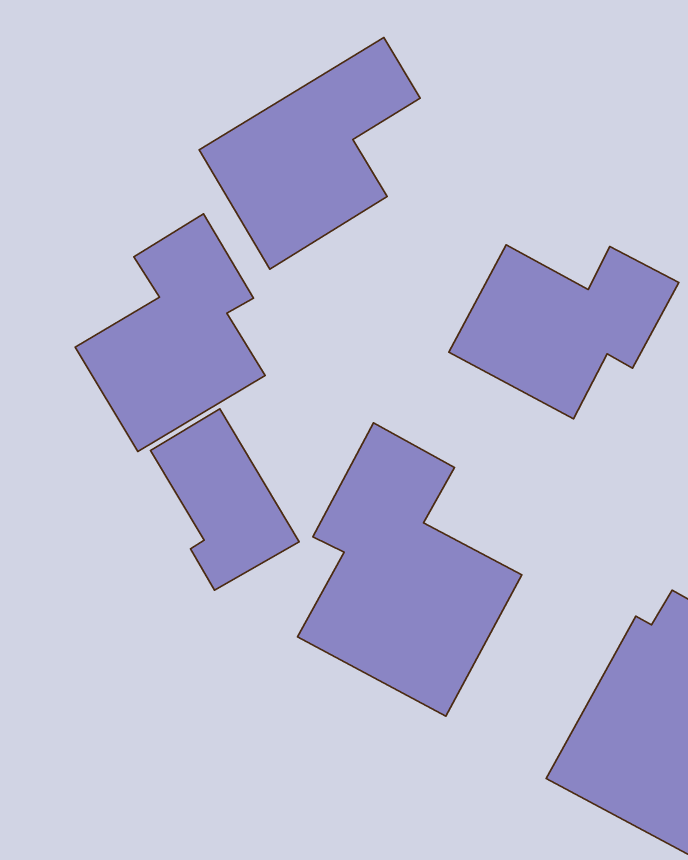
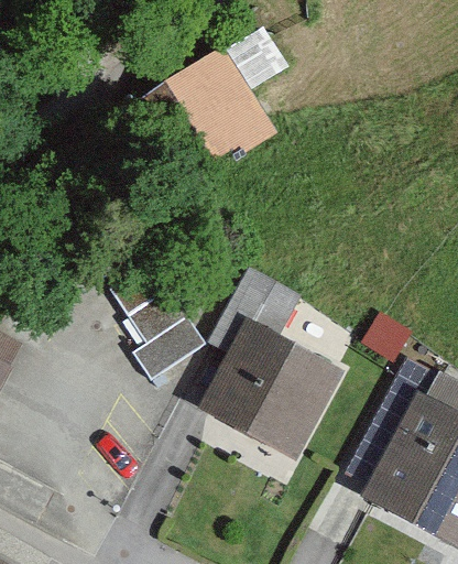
building: [75,214,265,452] -> none
building: [449,245,679,419] -> none

